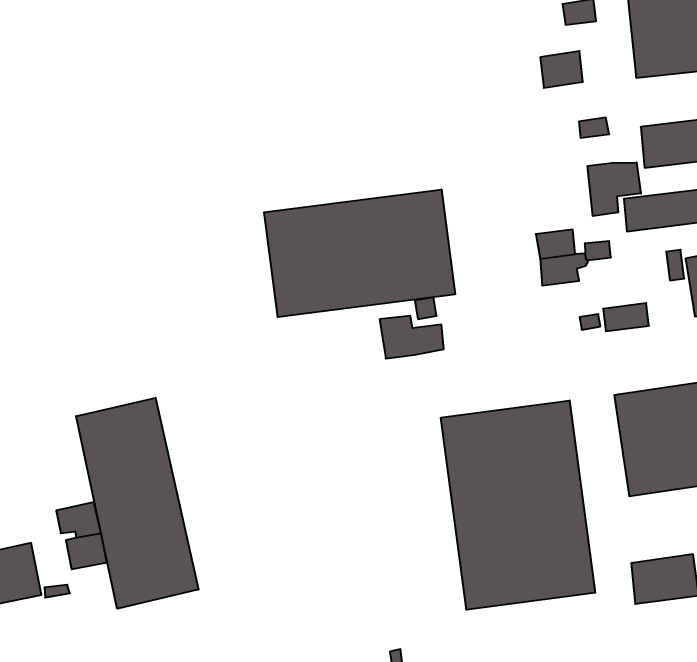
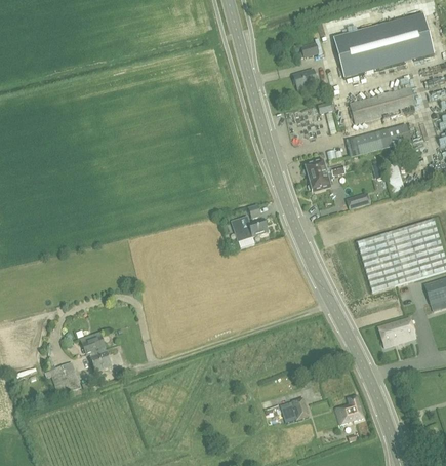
building: [588,162,641,216] -> none
building: [264,189,455,317] -> none
building: [76,398,199,609] -> none
building: [441,400,595,610] -> none

